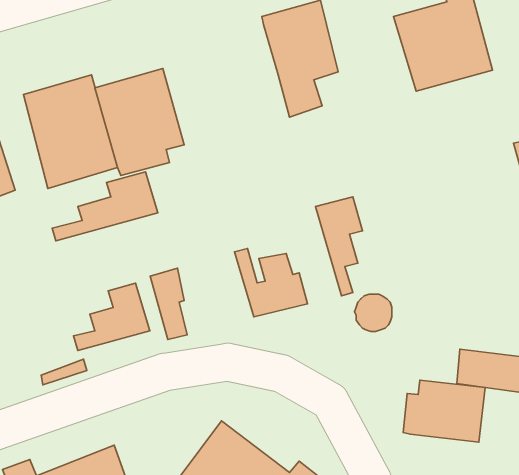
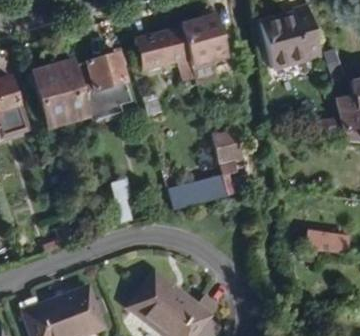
building: none -> [138,26,190,67]
building: [52,172,158,241] -> none
building: [74,283,150,351] -> none
building: [403,380,485,442] -> none

